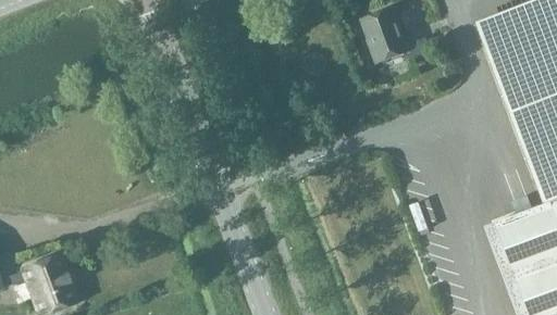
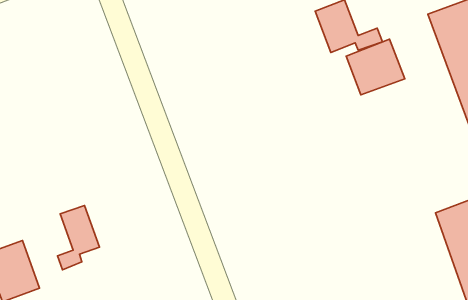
building: none -> [346,39,405,95]
building: none -> [58,205,99,270]

